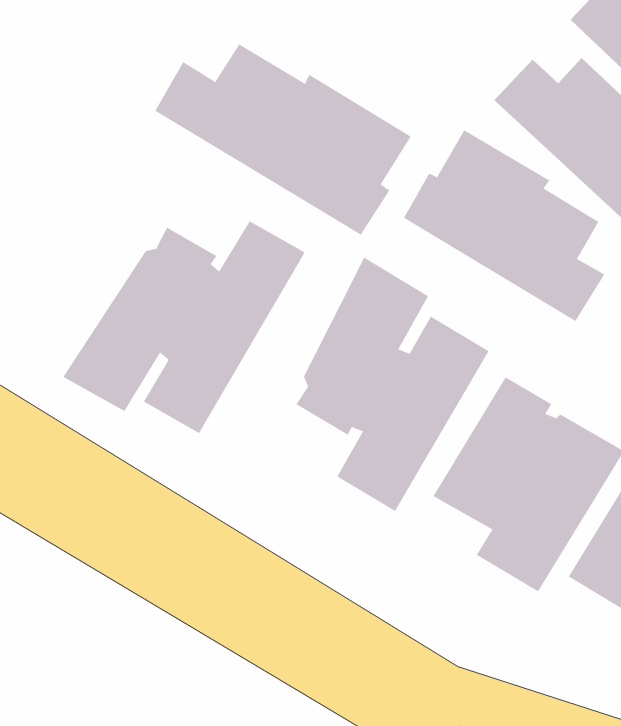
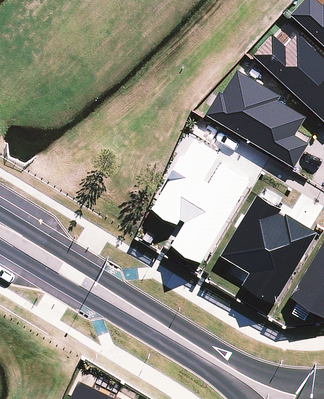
building: [154,44,412,235] -> none
building: [63,220,305,434] -> none

